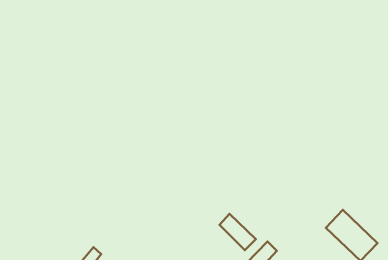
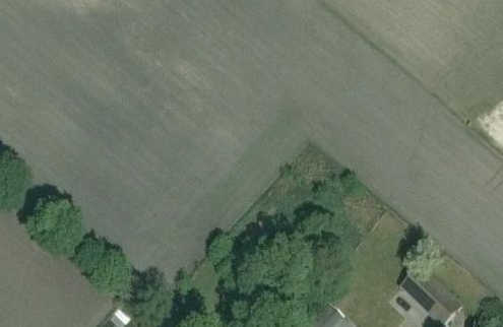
building: [220,214,256,250] -> none

